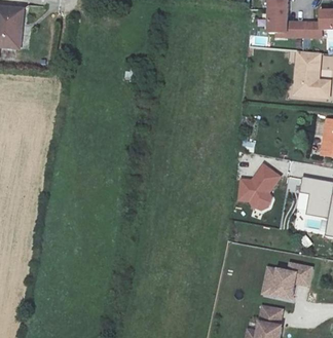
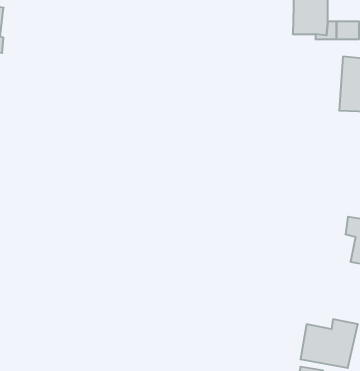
building: [236,167,280,213] -> none

